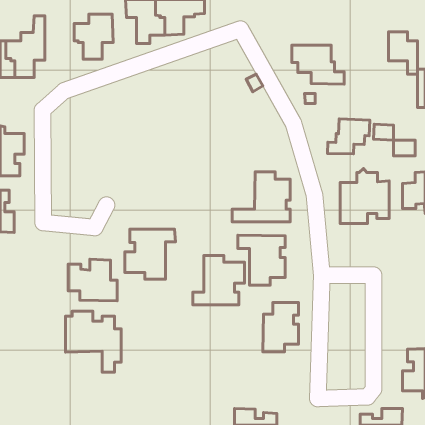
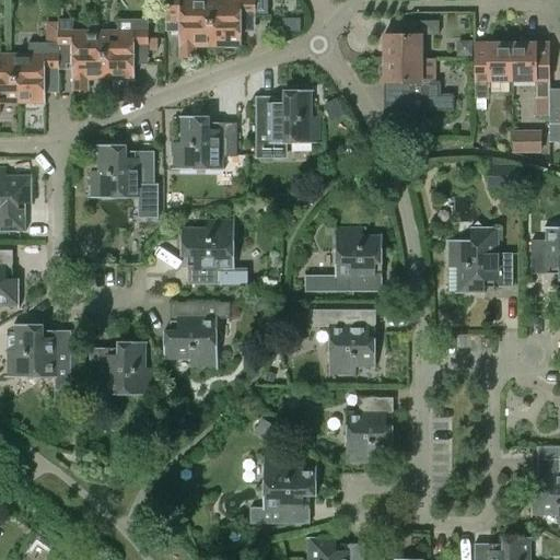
building: none -> [384,20,439,59]
building: none -> [59,21,109,90]
building: none -> [475,42,511,98]
building: none -> [256,90,320,155]
building: none -> [173,116,237,168]
building: none -> [90,143,158,215]
building: [327,119,370,154] -> none
building: [393,140,415,156] -> [513,130,541,151]
building: none -> [182,219,248,283]
building: [193,256,245,305] -> [249,458,317,523]
building: [65,311,121,372] -> [7,324,80,404]

